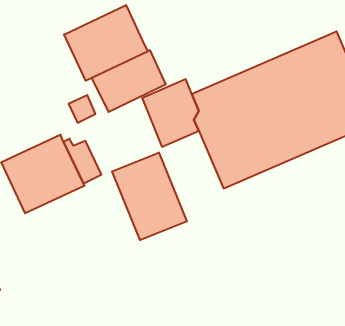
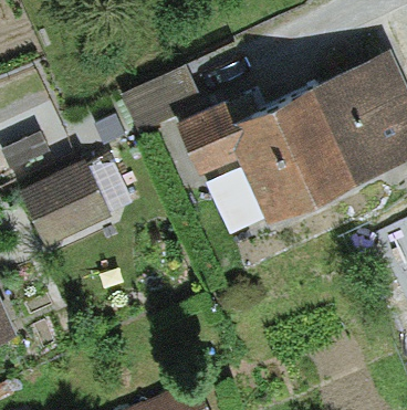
building: [64,5,148,81] -> none
building: [112,152,187,240] -> none

